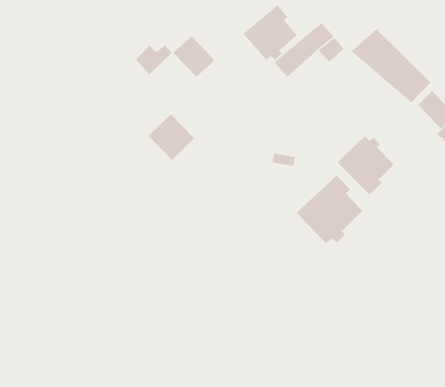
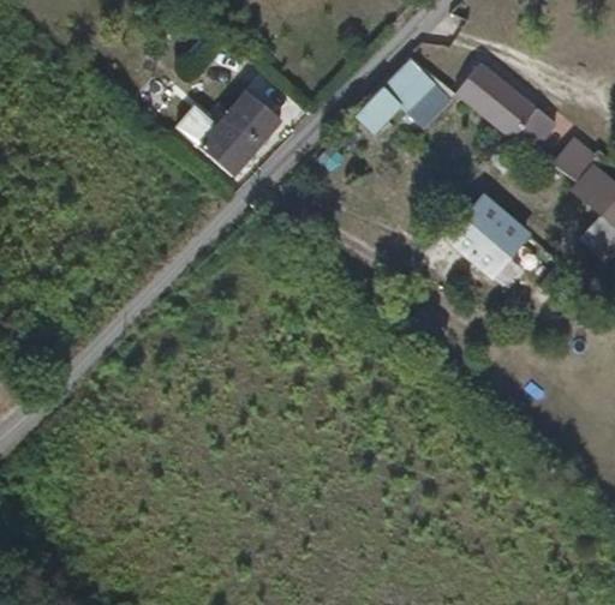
building: [243,4,297,61] -> none
building: [148,113,195,161] -> [201,118,261,178]
building: [296,175,363,244] -> none

